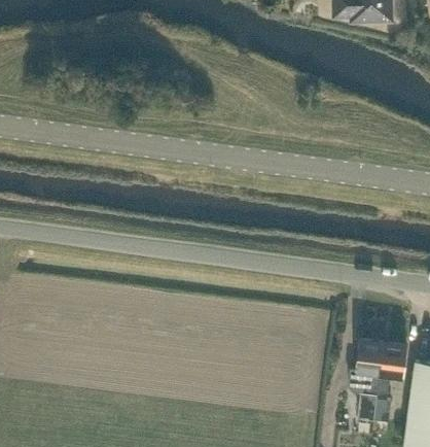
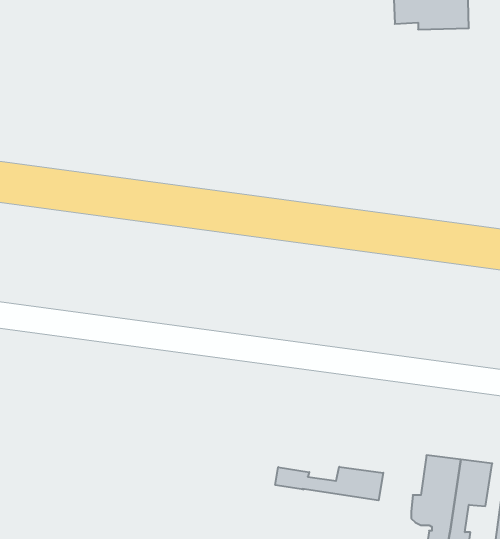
building: none -> [275,467,383,500]

